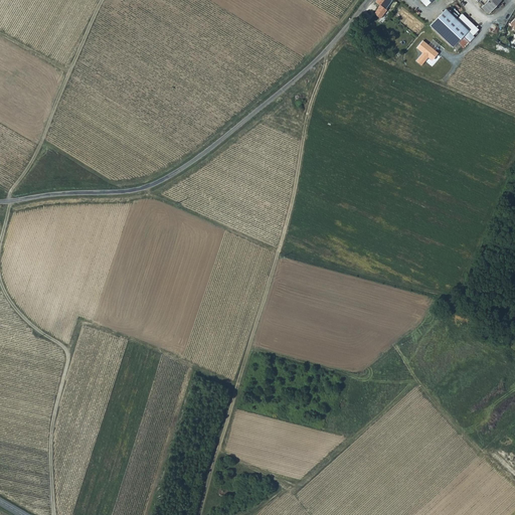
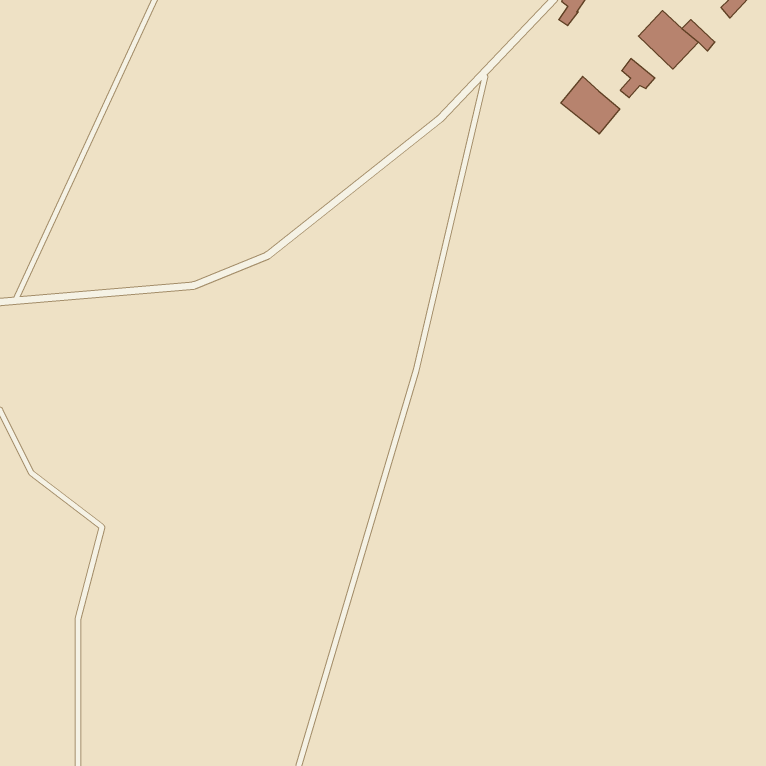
building: none -> [561,76,620,134]

